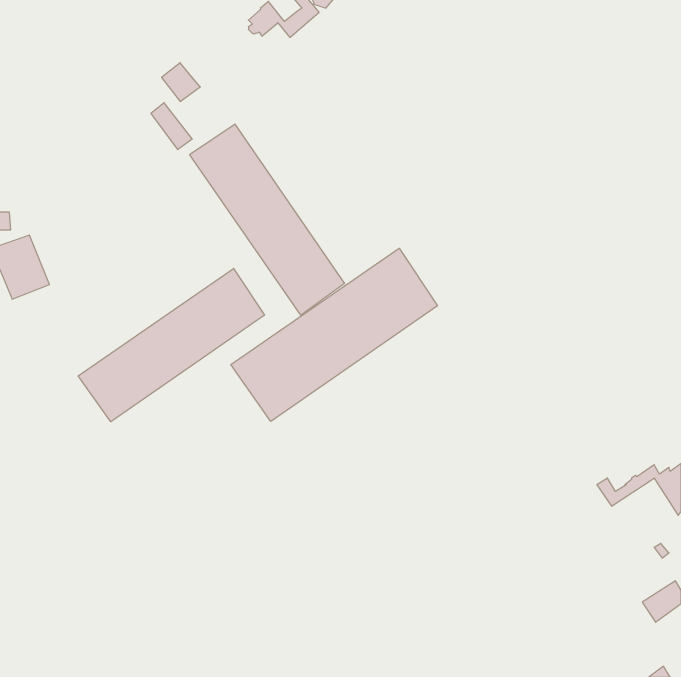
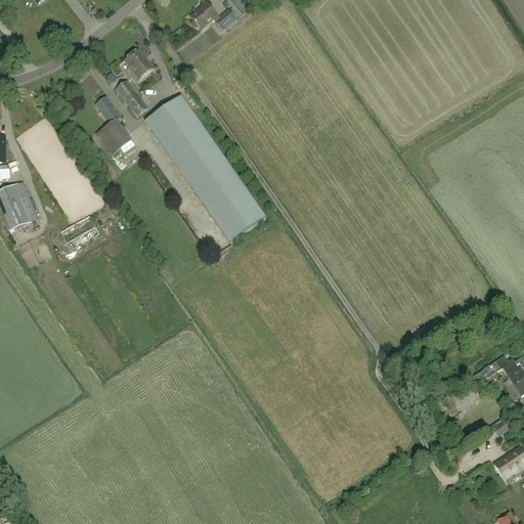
building: none -> [94,94,134,155]
building: [231,248,437,421] -> none
building: [78,268,264,422] -> none

